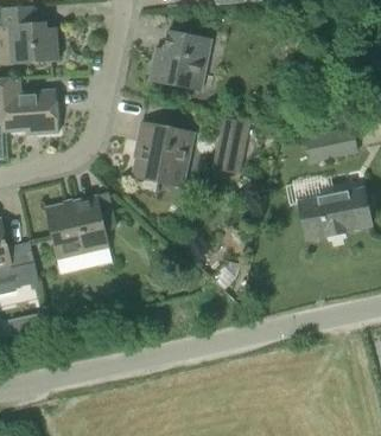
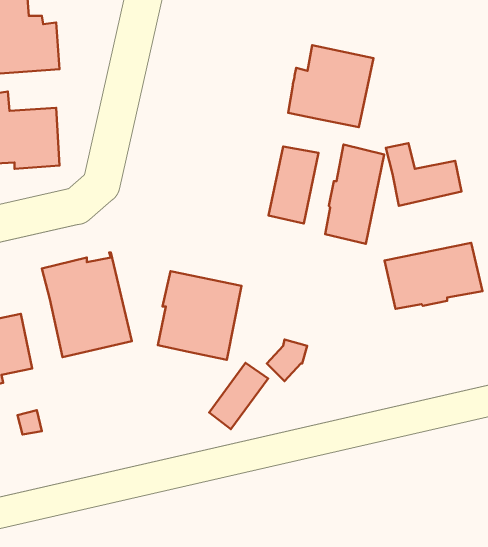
building: [150,30,212,90] -> [288,45,373,127]
building: none -> [325,145,384,244]
building: [132,121,193,186] -> [158,271,241,360]
building: none -> [209,363,268,429]

